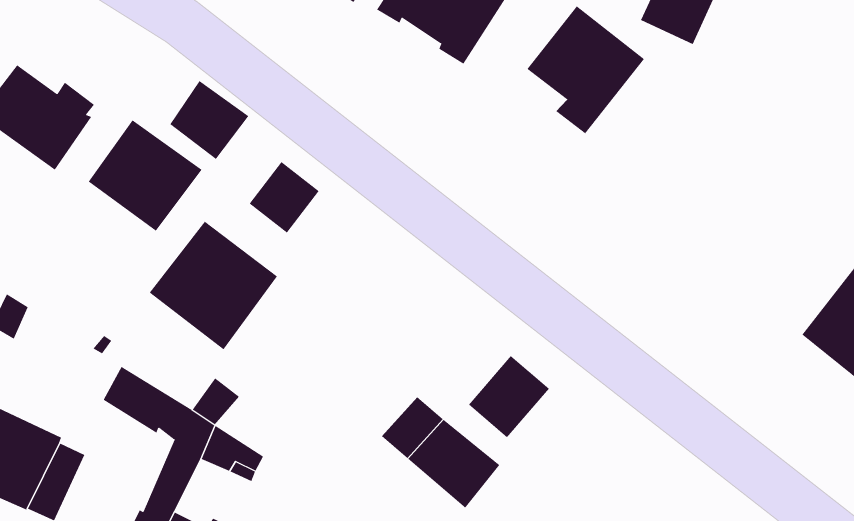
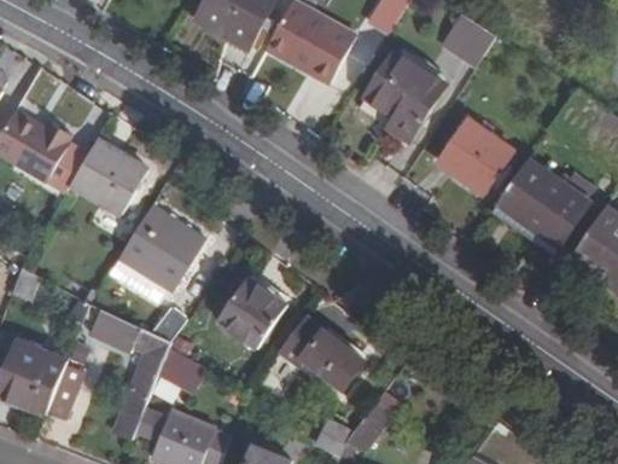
building: [170,80,249,160] -> none
building: none -> [431,117,508,192]
building: [249,161,320,234] -> none
building: none -> [492,160,584,245]
building: none -> [216,277,288,348]
building: [468,355,550,438] -> none

